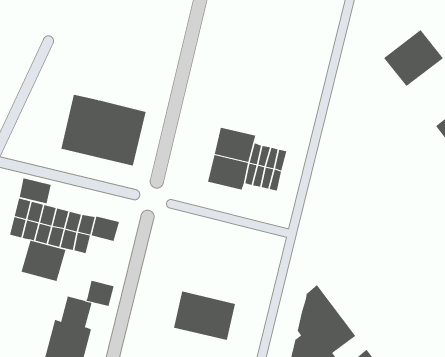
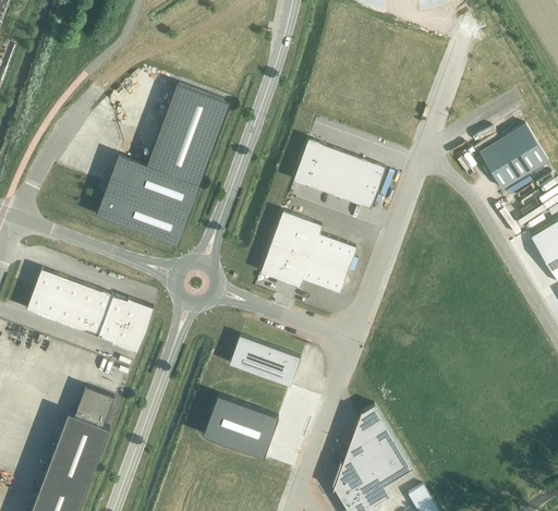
building: none -> [146,83,231,185]
building: none -> [293,141,385,209]
building: [19,177,52,204] -> none
building: none -> [229,337,301,387]
building: [21,240,66,282] -> none
building: [86,280,114,307] -> [111,320,146,353]

